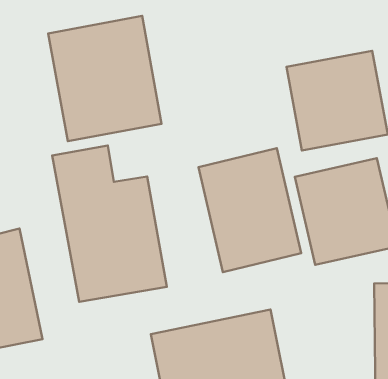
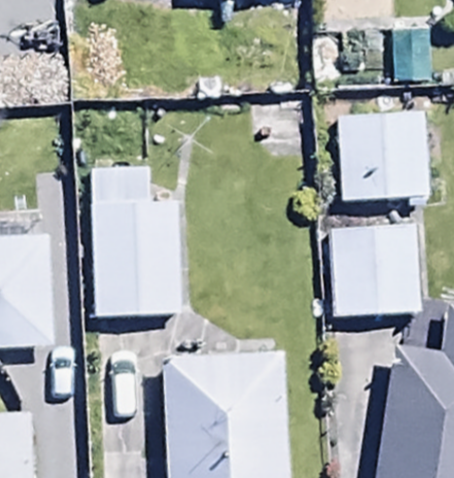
building: [48,16,161,141] -> none
building: [198,148,301,272] -> none

